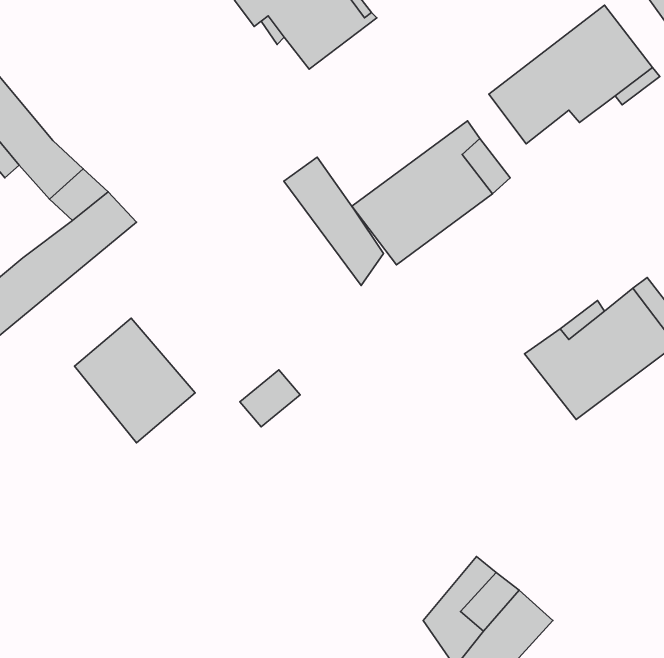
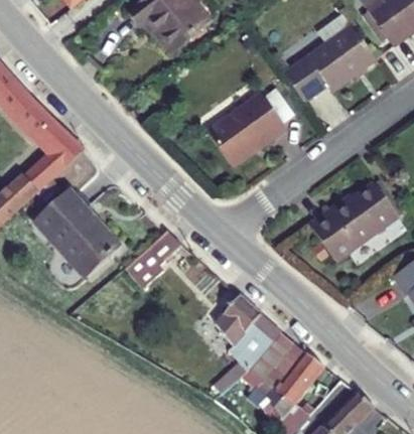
building: [284,157,383,286] -> none
building: none -> [35,184,82,228]
building: none -> [210,298,277,374]

